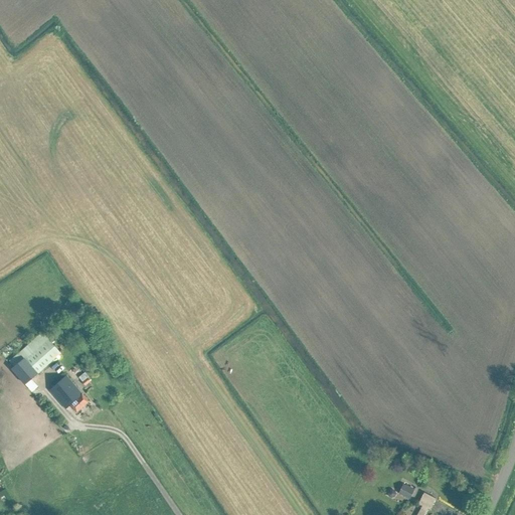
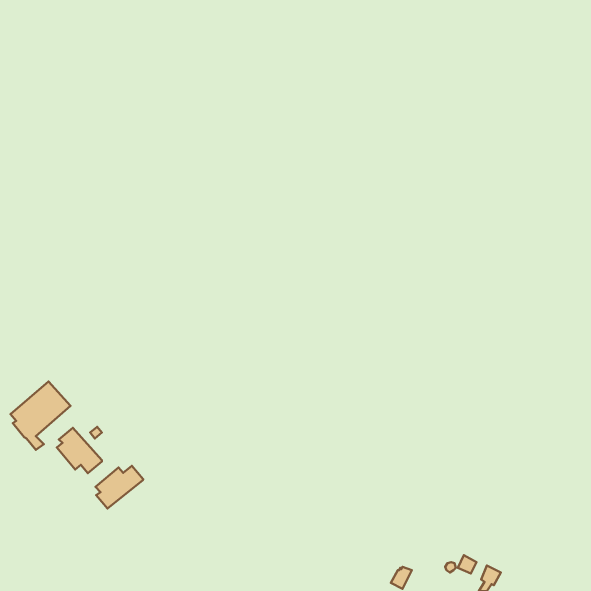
building: none -> [96,466,143,508]

